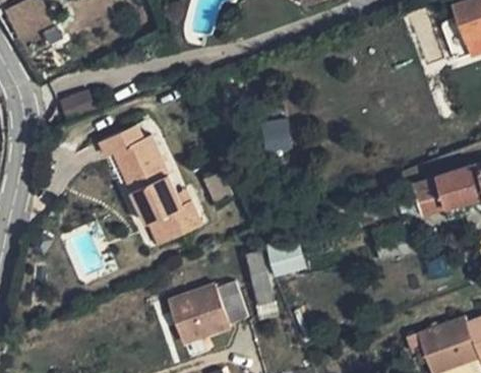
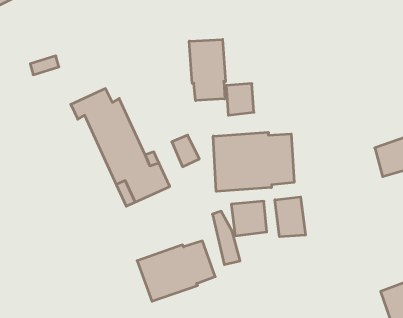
building: none -> [189,39,225,101]
building: none -> [213,132,294,191]
building: none -> [275,197,305,237]

